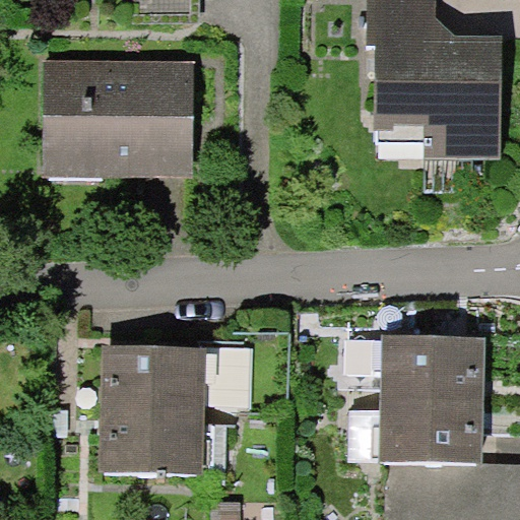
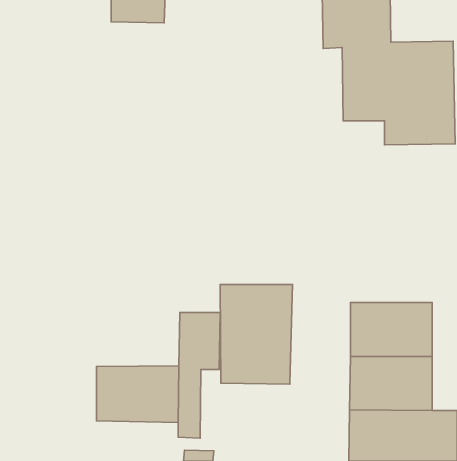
building: [38,61,192,179] -> none
building: none -> [220,285,293,384]
building: [107,345,199,406] -> none

